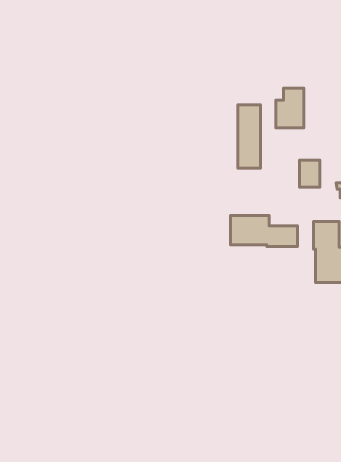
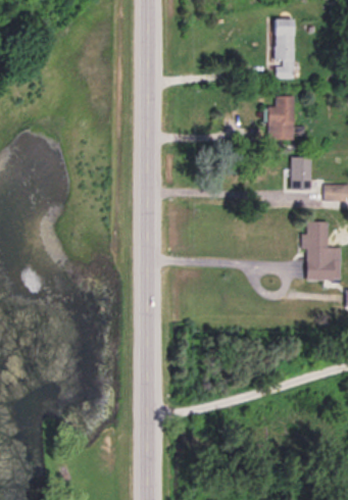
building: [238,105,260,168] -> [275,18,296,79]
building: [230,216,297,247] -> none

